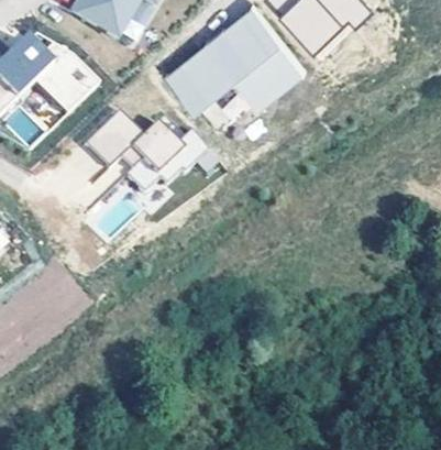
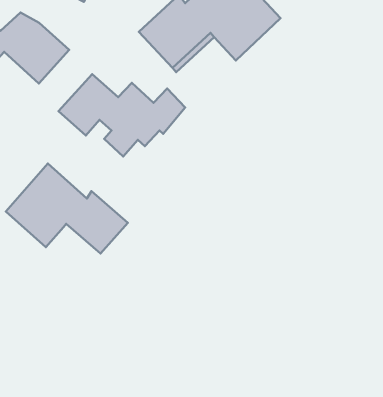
building: none -> [6,164,128,253]

